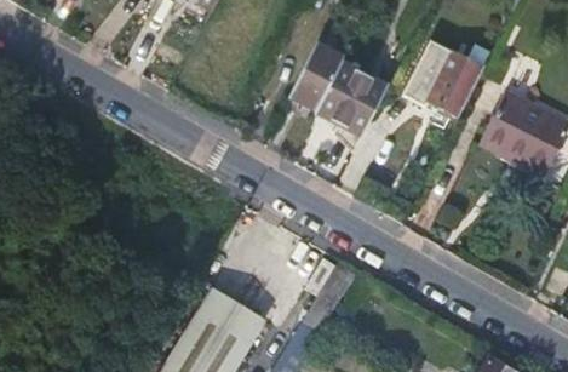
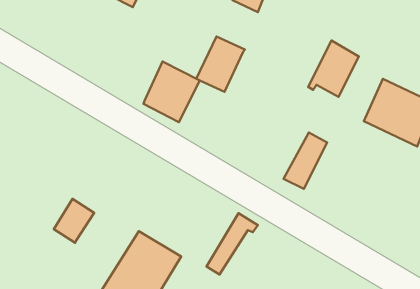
building: [397,38,449,105] -> [284,132,327,189]
building: [320,64,388,137] -> [143,61,200,122]
building: none -> [54,199,94,243]

